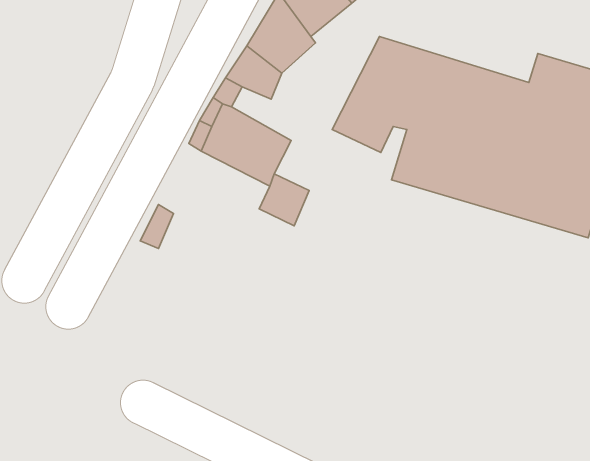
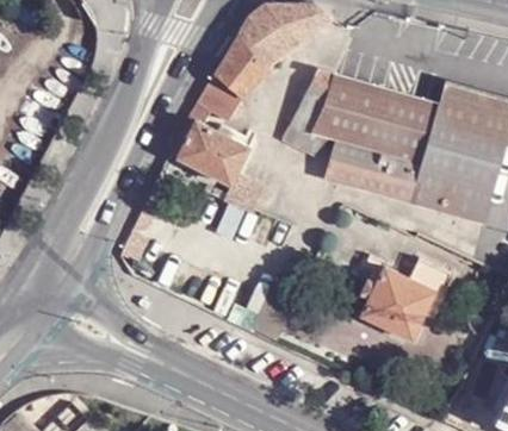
building: none -> [359,254,442,338]

